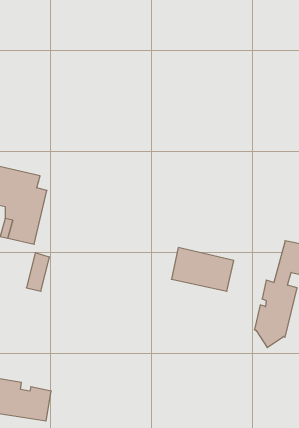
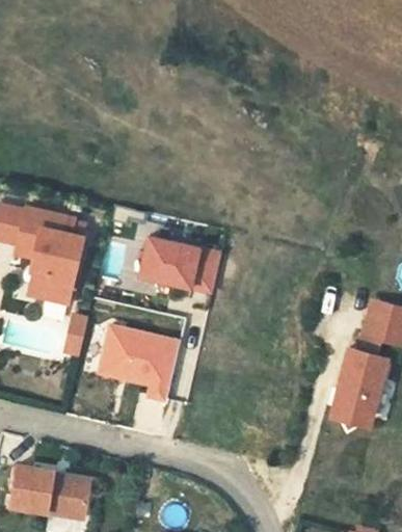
building: [171,248,234,291] -> [140,239,216,292]
building: none -> [100,329,176,388]

